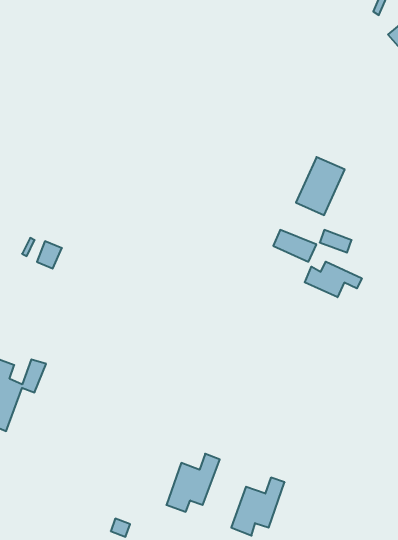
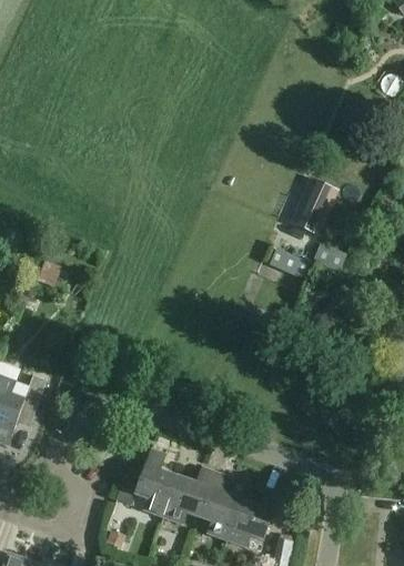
building: [305,262,362,297] -> none
building: none -> [118,449,179,517]
building: none -> [200,473,242,539]

